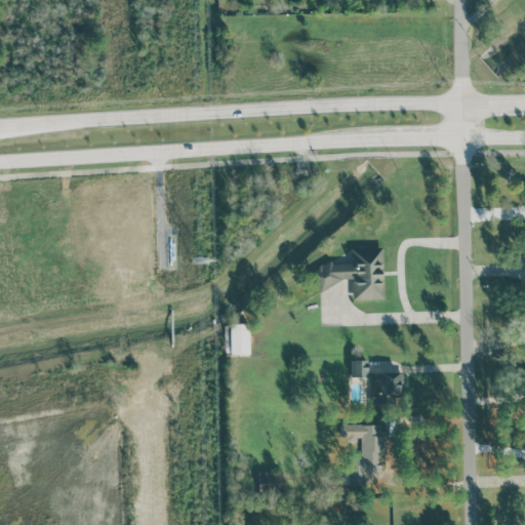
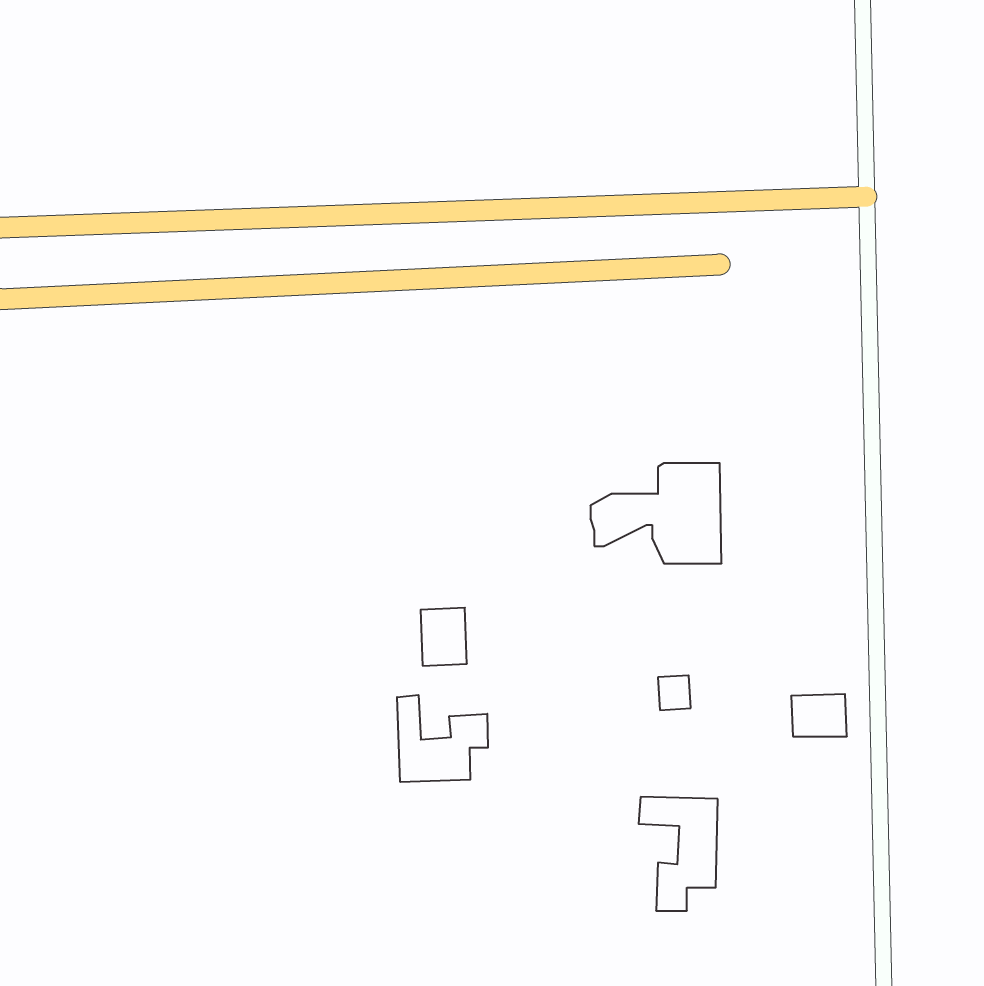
building: none -> [397,695,488,782]
building: [373,372,403,395] -> [791,694,847,736]

